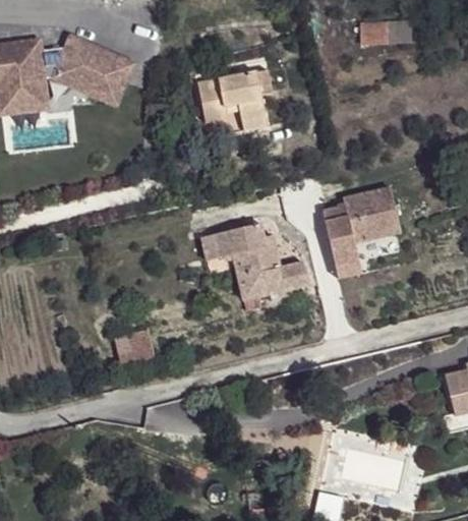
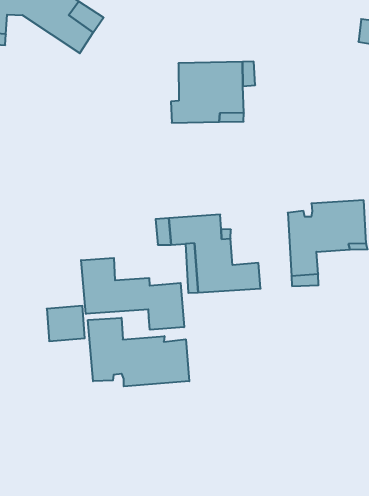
building: none -> [81,258,184,330]
building: none -> [88,318,189,386]

